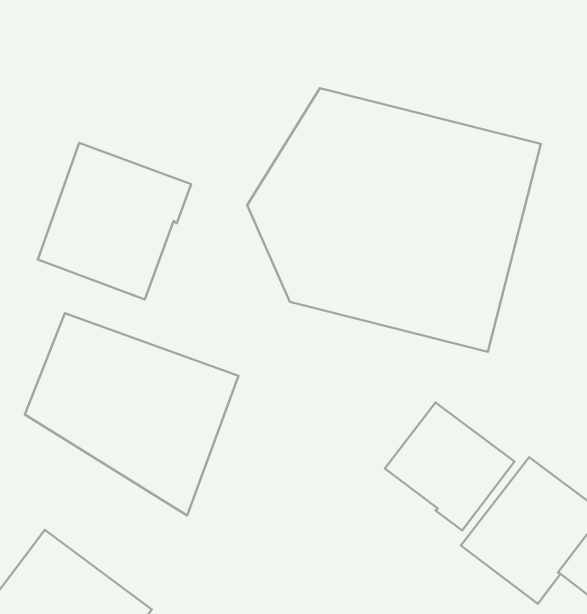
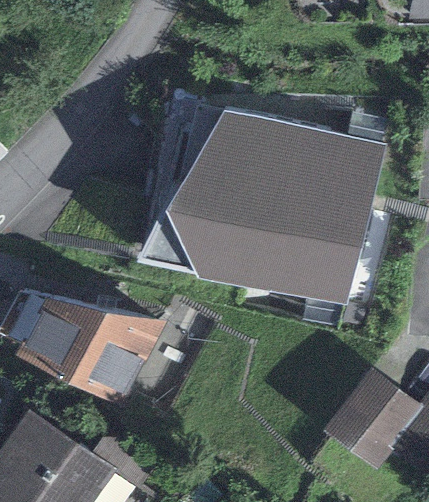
building: [38,143,191,300] -> none
building: [385,402,515,531] -> none

